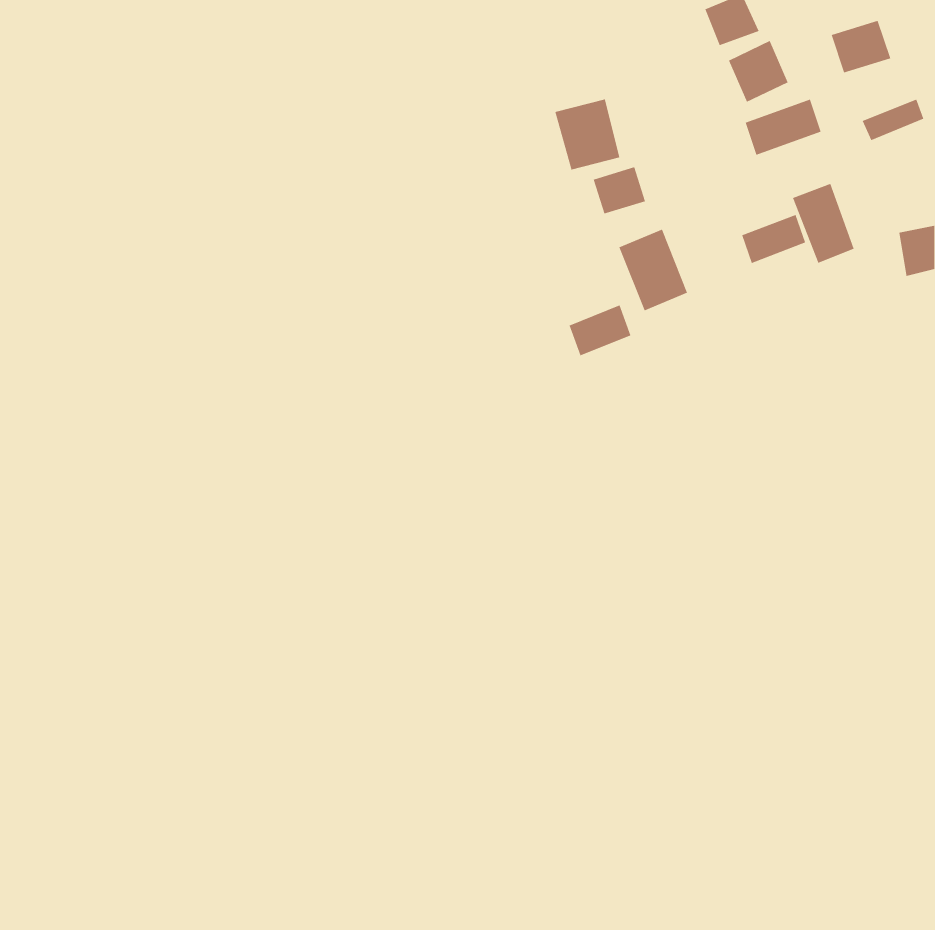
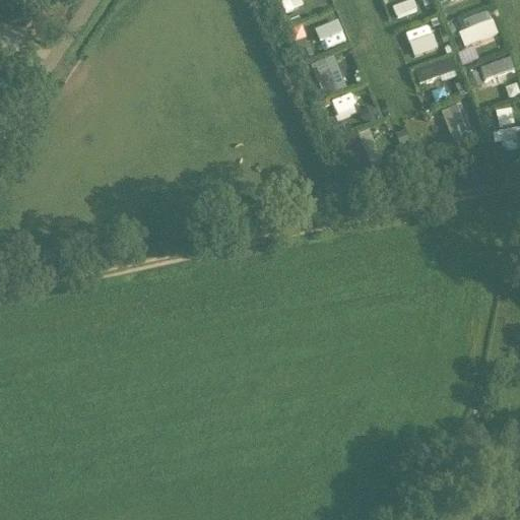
building: [742,214,806,264] -> none
building: [569,305,631,356] -> none

